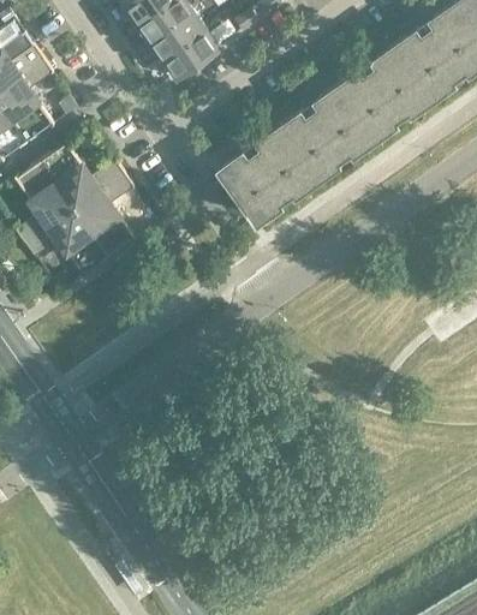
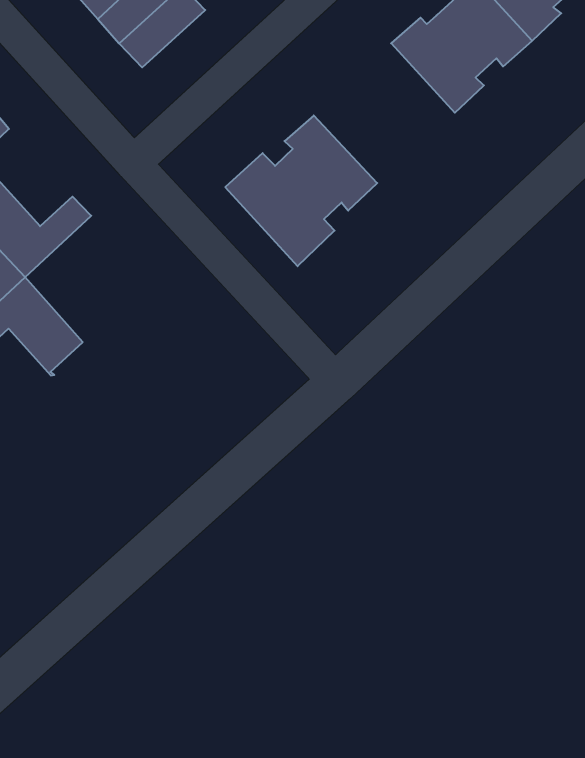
building: [281,86,375,178] -> none
building: [76,174,136,257] -> none

